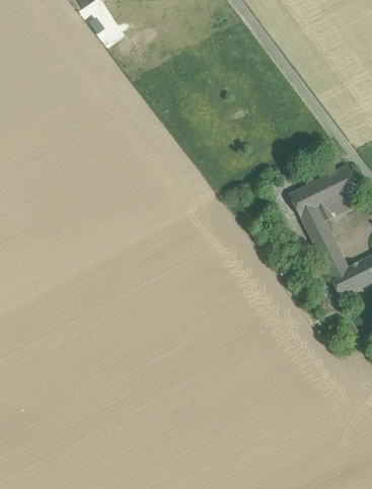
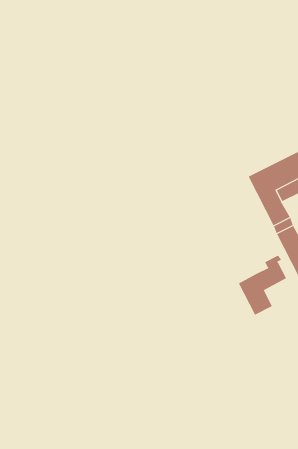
building: none -> [238,255,287,316]

